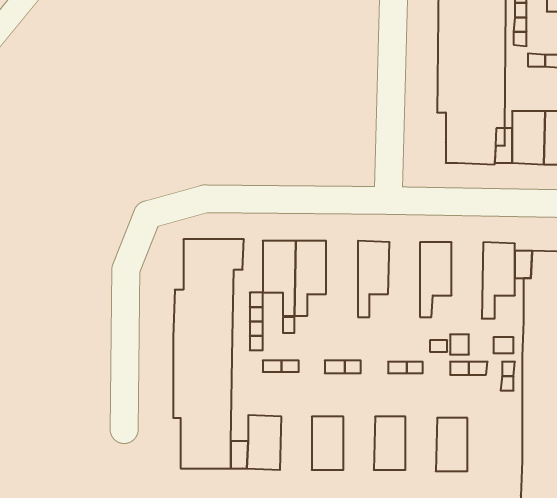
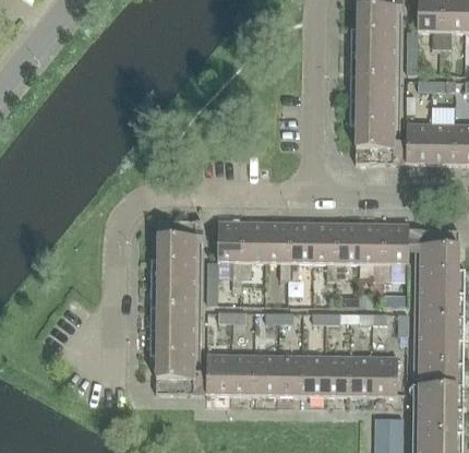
building: none -> [266,222,290,279]
building: none -> [313,223,337,279]
building: none -> [361,223,385,281]
building: none -> [231,355,255,395]
building: none -> [279,355,303,395]
building: none -> [326,355,350,396]
building: none -> [373,356,398,396]

